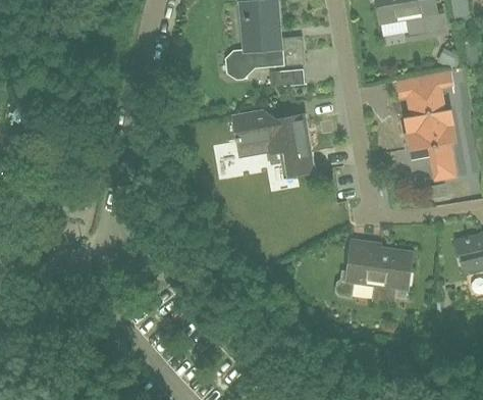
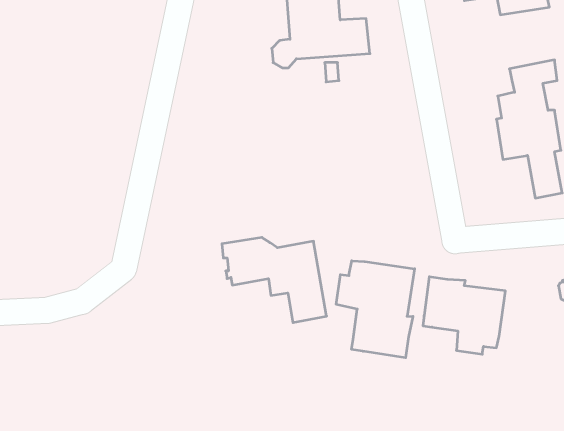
building: [230,109,313,177] -> [222,237,327,323]
building: none -> [336,261,415,358]

